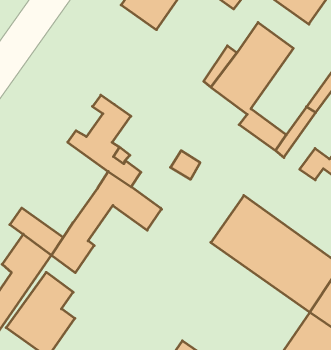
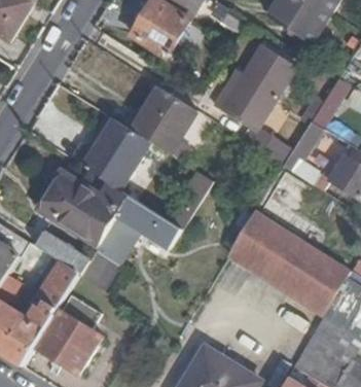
building: none -> [129,84,194,162]
building: none -> [41,176,117,244]

